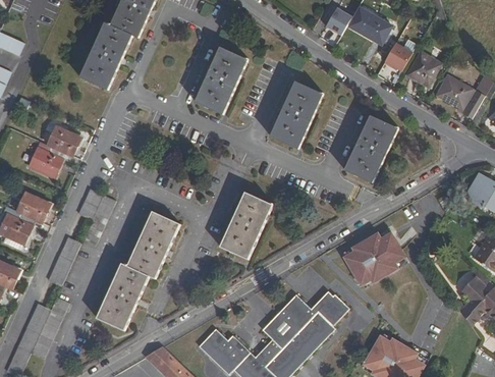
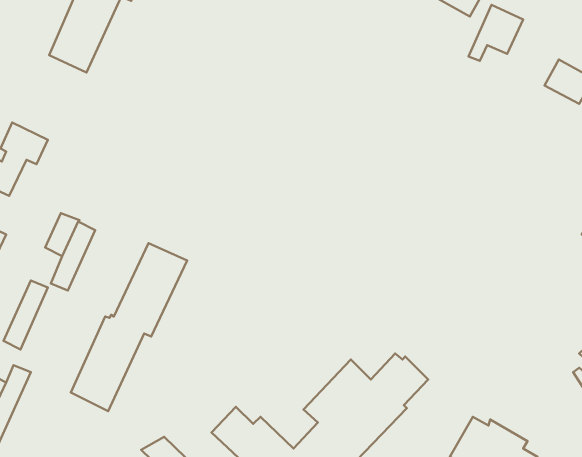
building: [196,45,249,112] -> none
building: [406,54,439,88] -> none
building: [270,79,325,148] -> none
building: [344,114,396,181] -> none
building: [218,191,272,258] -> none
building: [344,229,406,283] -> none

